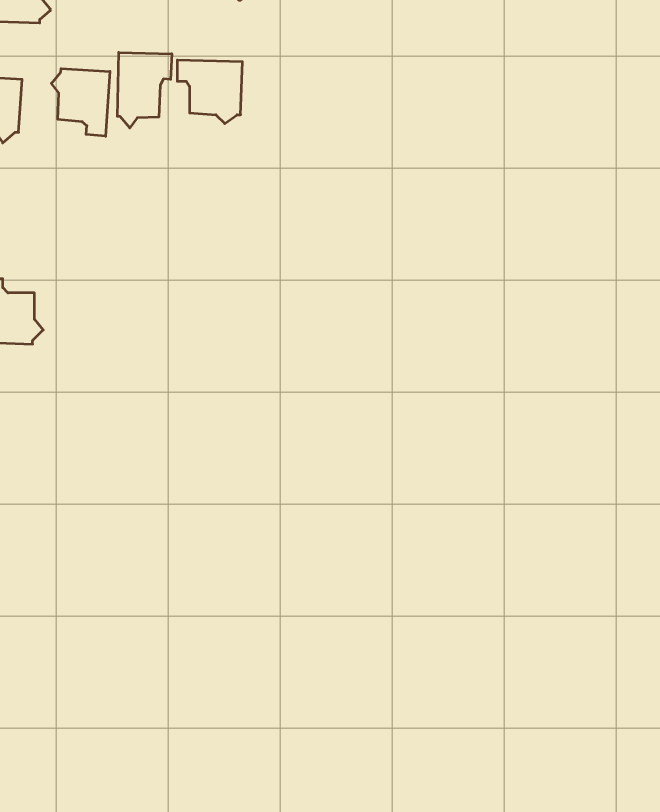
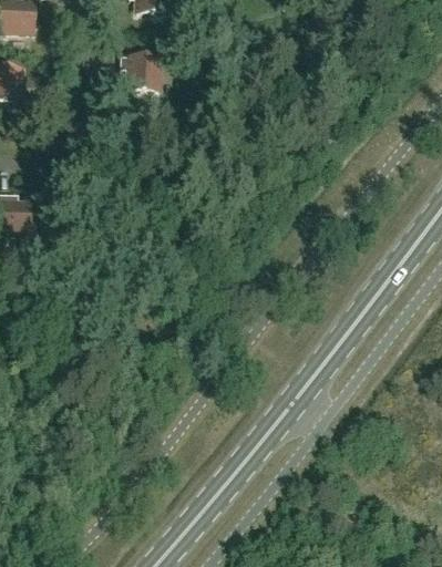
building: [117,52,172,128] -> none
building: [51,69,110,136] -> none

